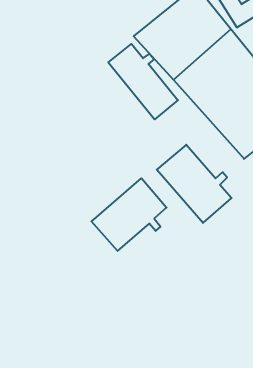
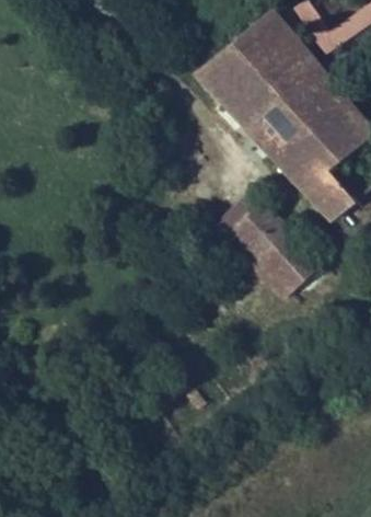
building: [108,44,178,119] -> none
building: [91,178,167,251] -> none

